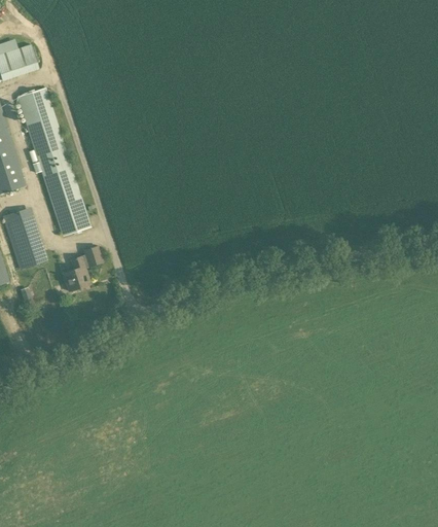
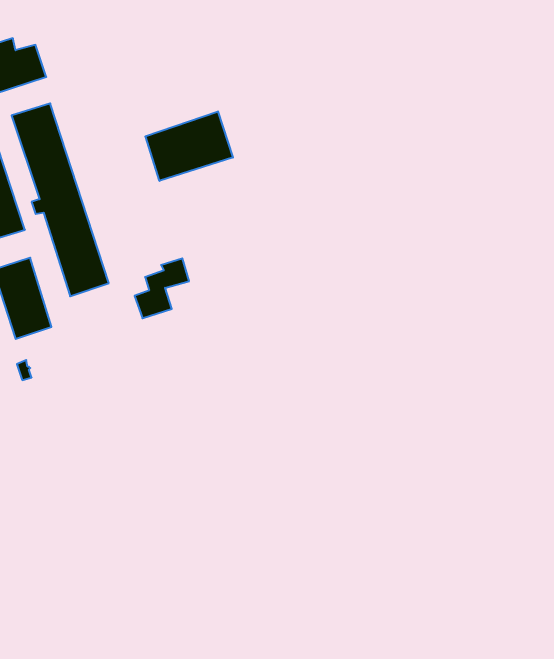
building: none -> [145,111,233,181]
building: [61,245,103,291] -> [135,258,189,318]

